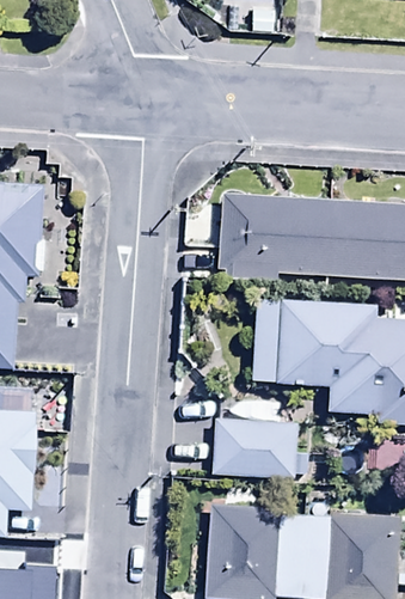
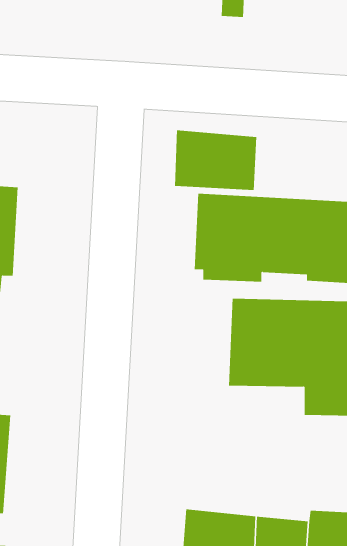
building: none -> [175,129,257,191]
building: [210,417,297,478] -> none

